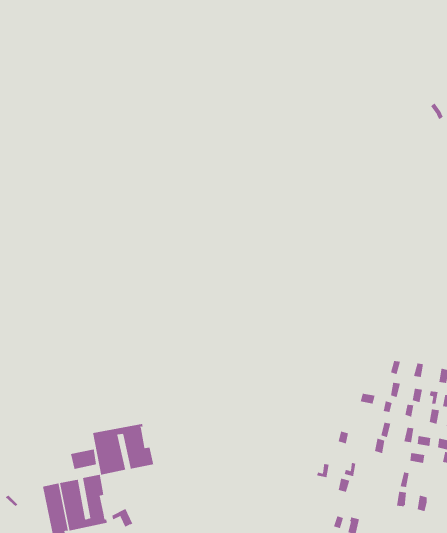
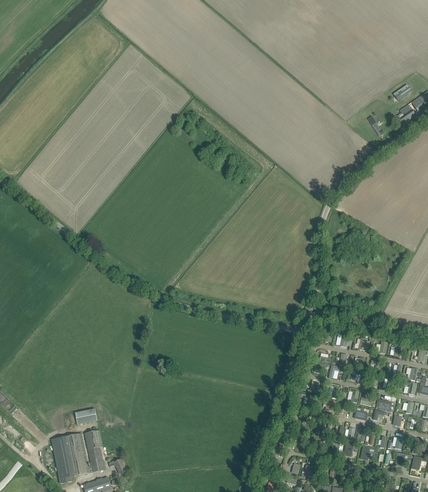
building: [92,423,154,475] -> none

